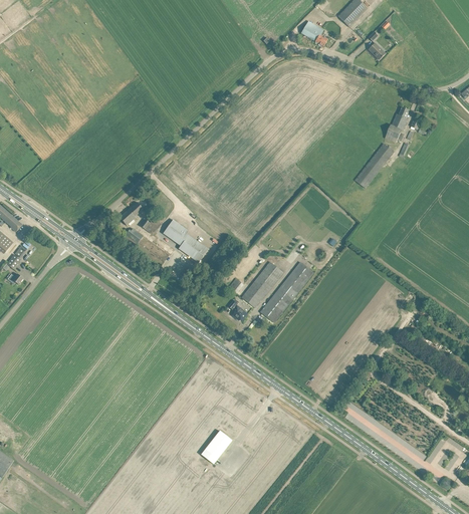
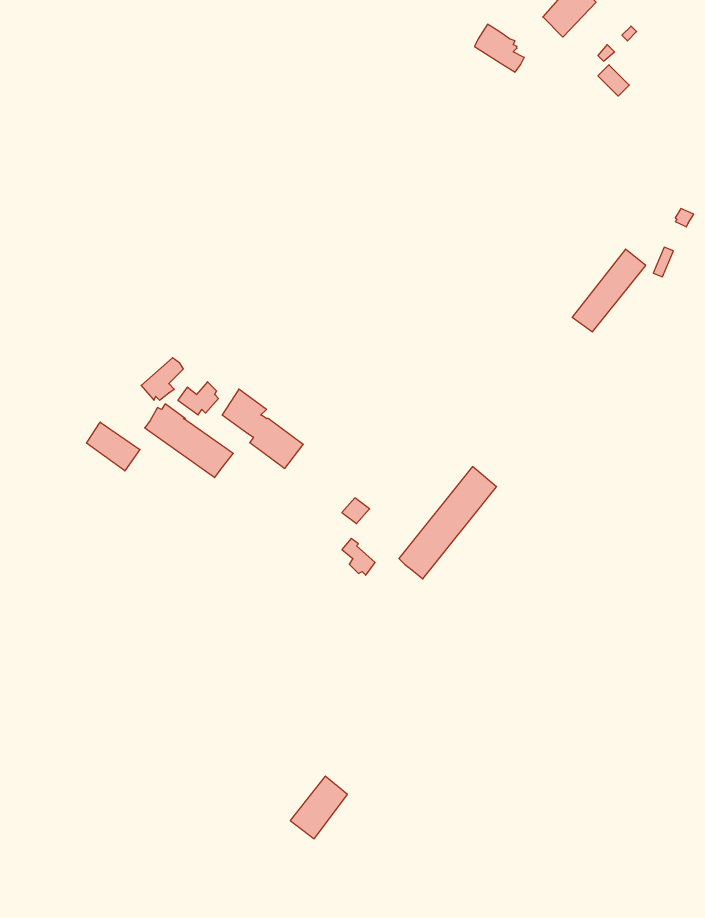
building: [386,106,410,143] -> none
building: none -> [87,422,140,471]
building: [242,261,283,307] -> none

